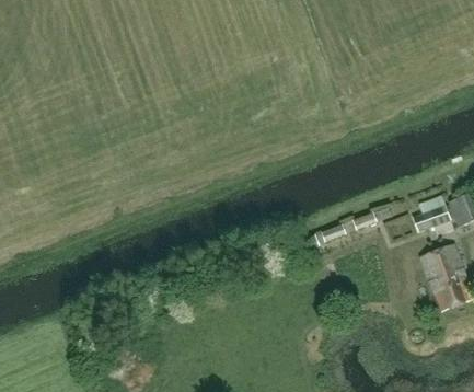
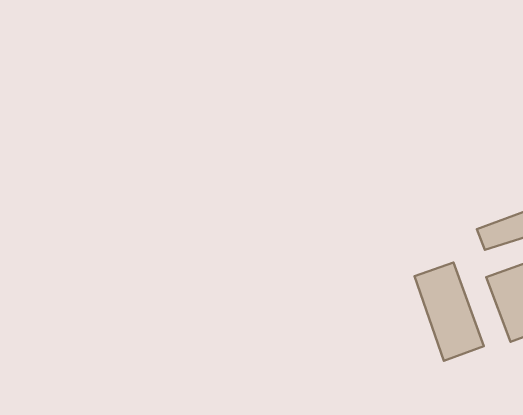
building: none -> [415,263,484,361]

